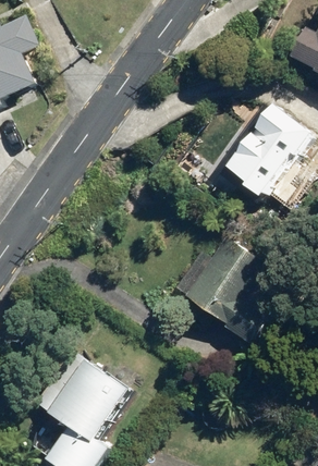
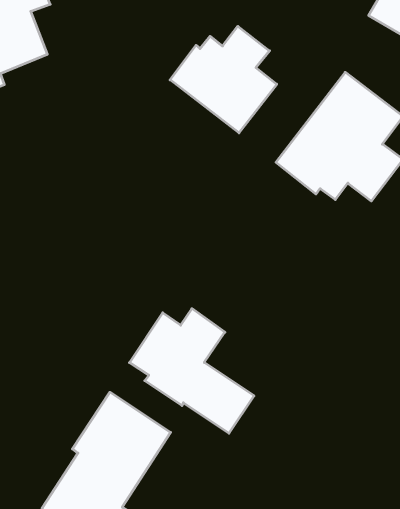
building: none -> [170,26,277,133]
building: [174,241,272,339] -> [129,309,254,433]

